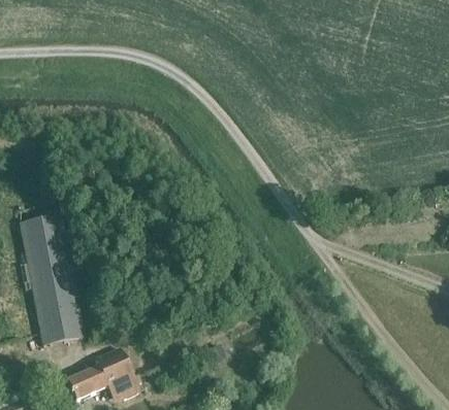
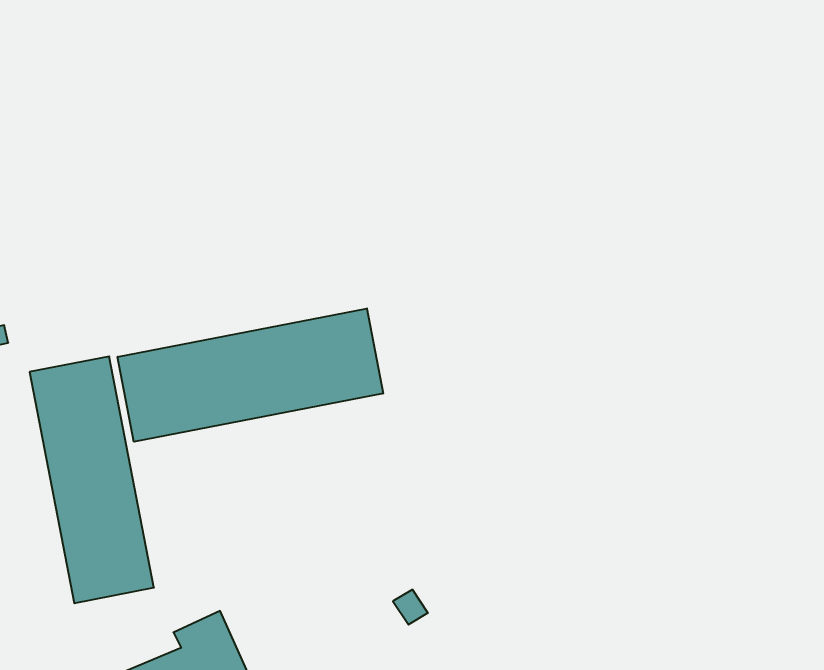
building: none -> [118,308,383,442]

